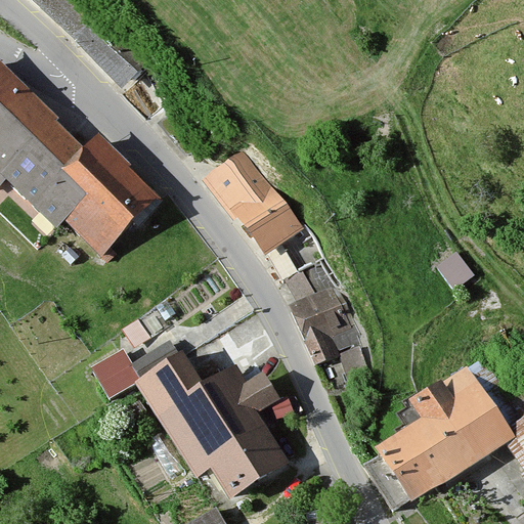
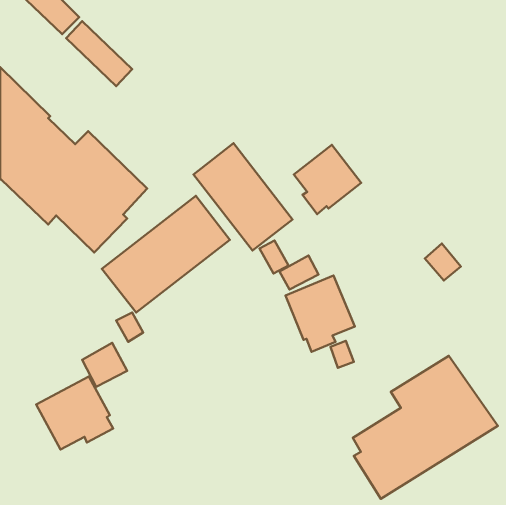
building: none -> [294,145,361,214]
building: none -> [102,196,230,313]
building: [130,352,287,501] -> none
building: none -> [36,376,113,450]

